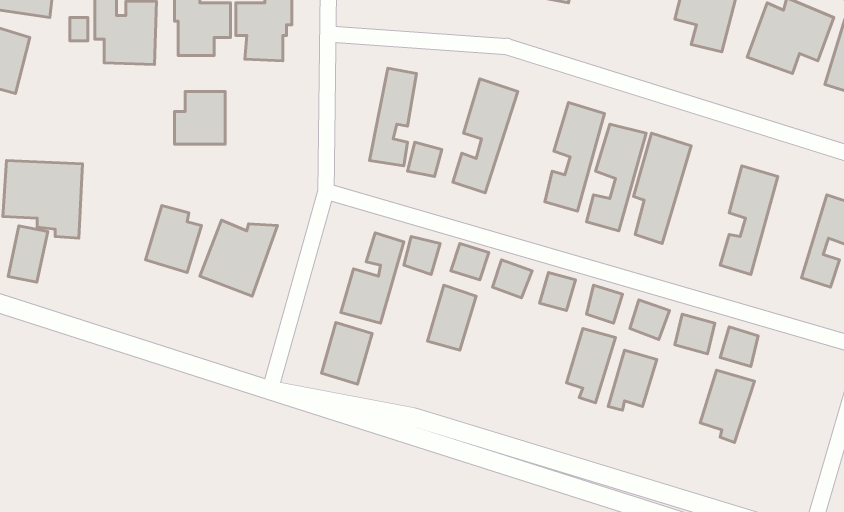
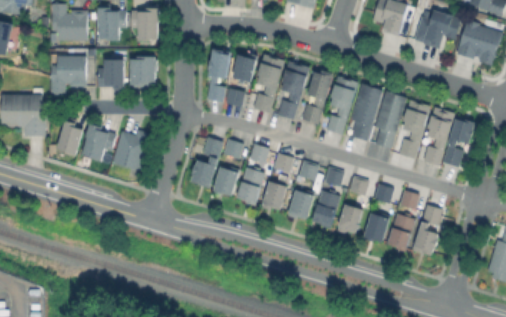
building: none -> [233,51,254,82]
building: none -> [50,54,85,93]
building: none -> [132,54,155,87]
building: none -> [276,61,310,121]
building: none -> [375,91,408,149]
building: none -> [423,109,454,167]
building: [8,226,48,282] -> [61,124,83,155]
building: none -> [261,179,288,212]
building: none -> [288,186,316,219]
building: [321,323,372,384] -> [213,163,241,197]
building: none -> [413,203,445,260]
building: none -> [364,210,392,242]

